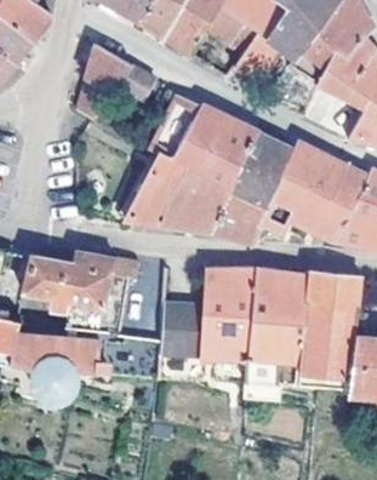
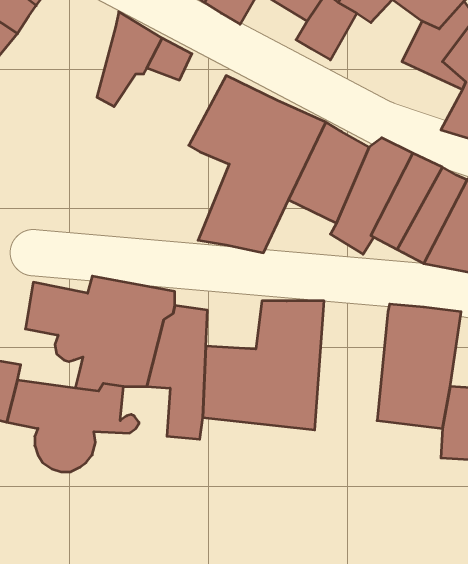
building: [125,153,182,222] -> none
building: [209,190,265,241] -> none
building: [247,269,305,387] -> none

